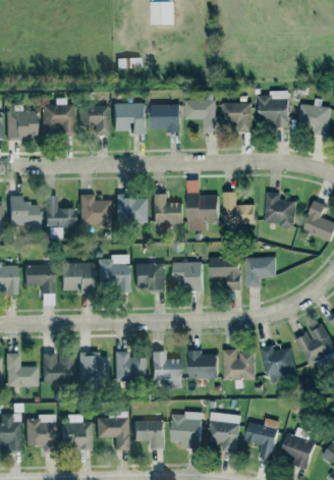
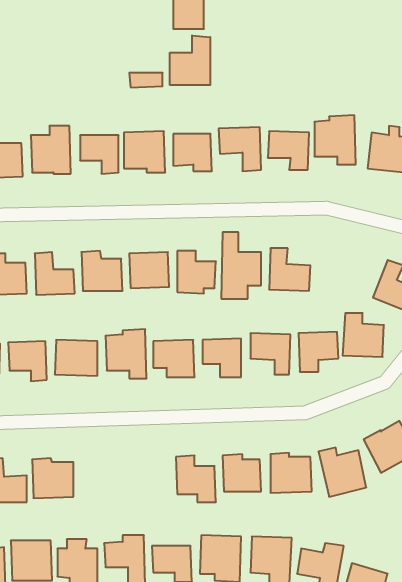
building: none -> [170,35,210,85]
building: [266,193,297,226] -> [343,313,384,357]
building: [79,352,110,384] -> none
building: [116,352,147,382] -> none

